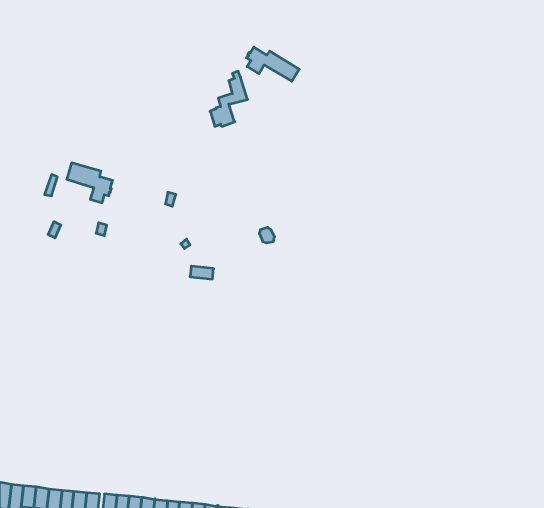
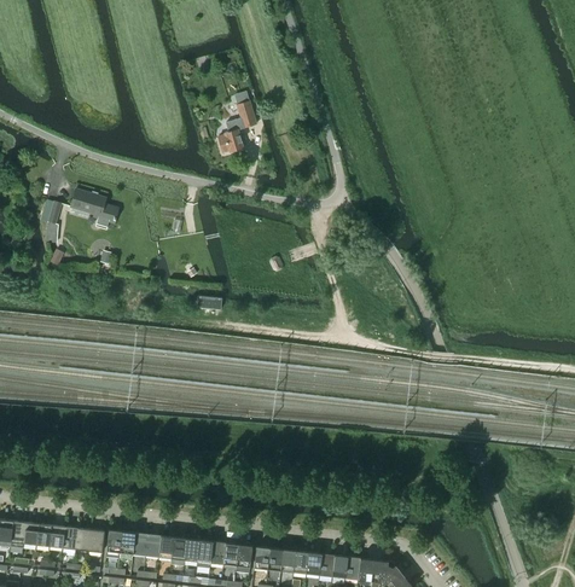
building: [246,47,299,81] -> none

